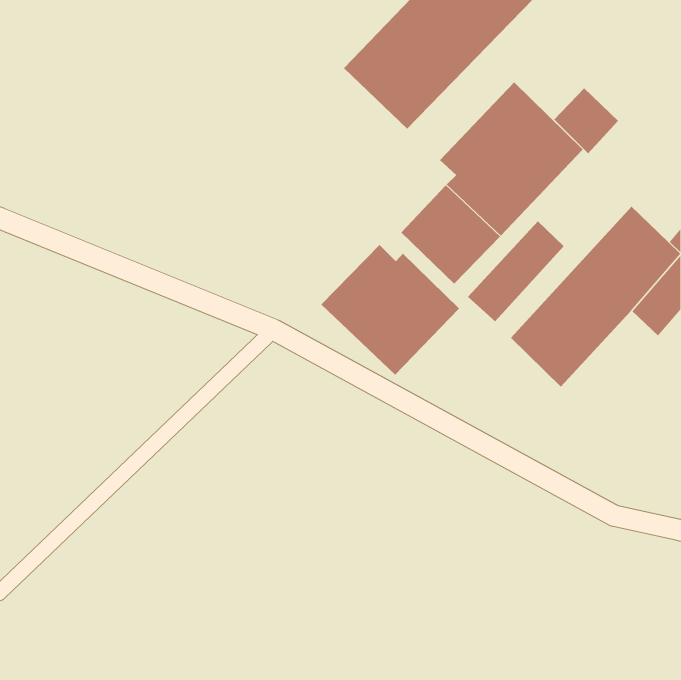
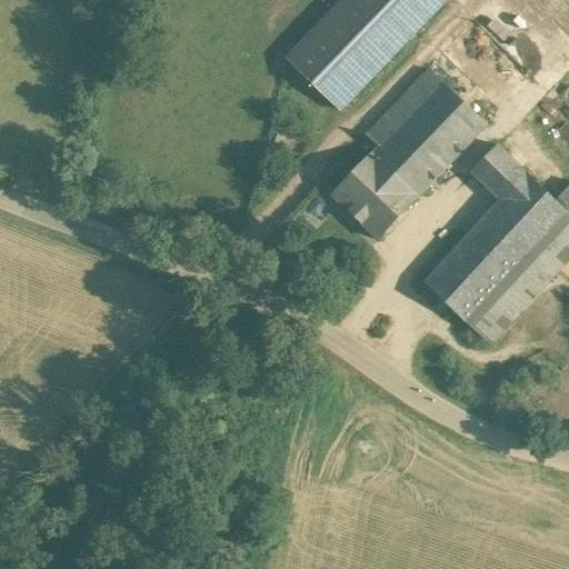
building: [553,87,619,154] -> [471,143,526,199]
building: [467,221,565,322] -> [467,259,548,343]
building: [321,244,460,375] -> none

